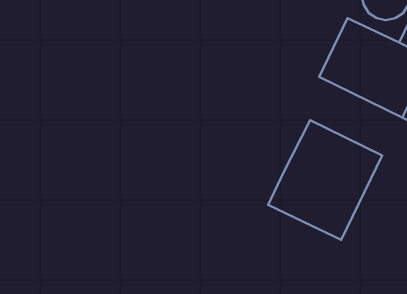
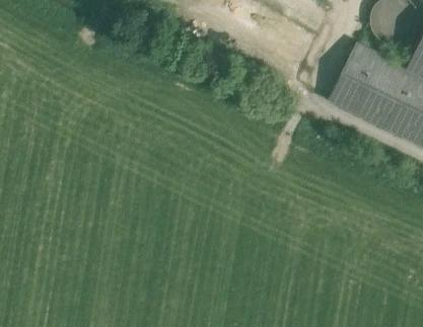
building: [268,120,382,240] -> none

